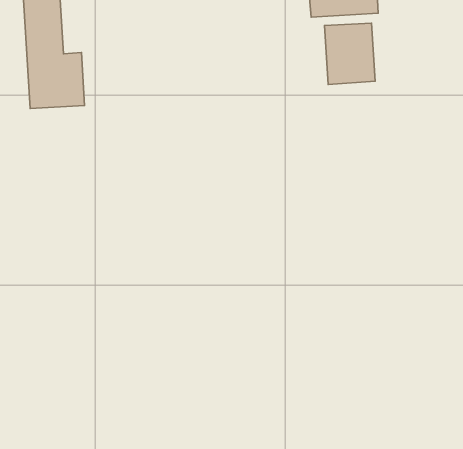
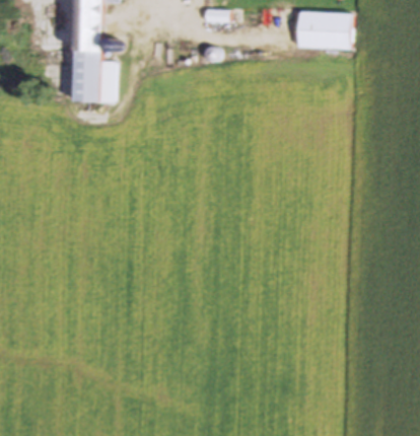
building: [324,23,375,84] -> none

